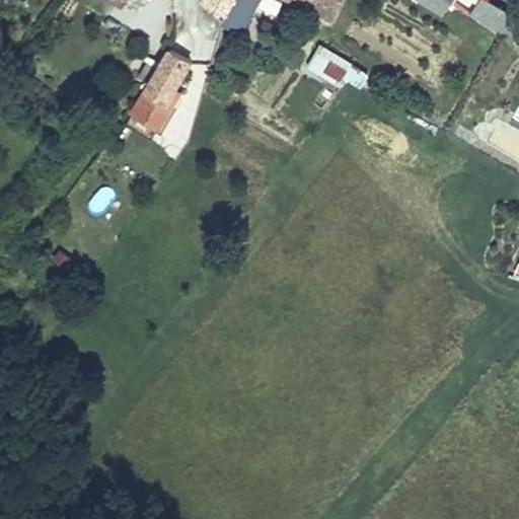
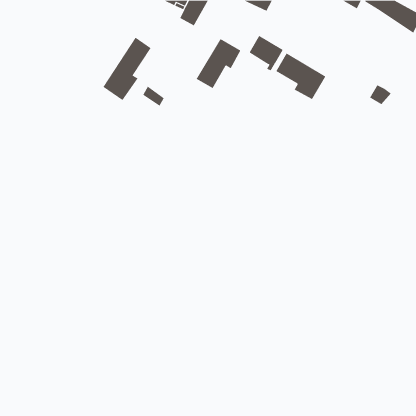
building: none -> [196,38,241,89]
building: none -> [275,52,326,100]

